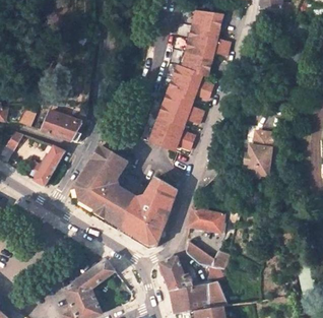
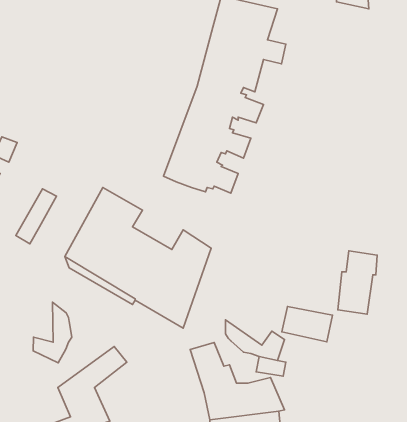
building: [42,110,81,140] -> none
building: [248,130,276,176] -> [338,251,377,314]
building: [188,207,224,233] -> [282,307,332,342]
building: none -> [33,302,72,363]

